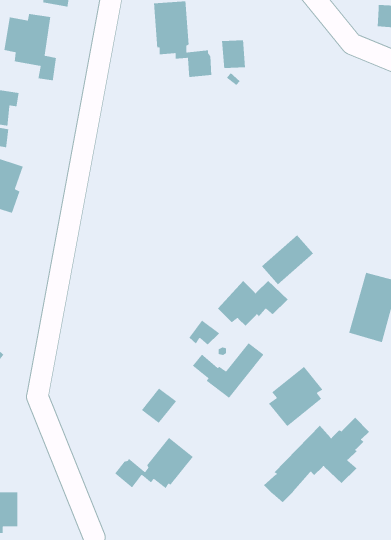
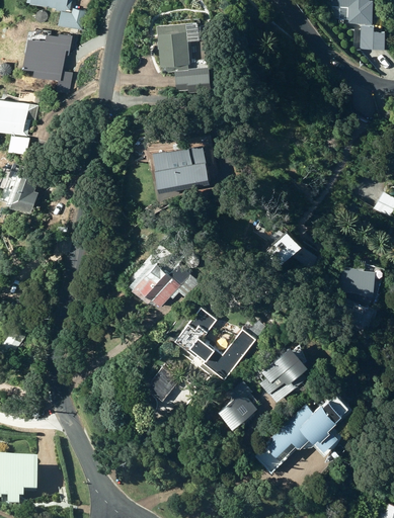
building: [221,40,246,69] -> none
building: none -> [154,144,211,193]
building: [217,280,288,327] -> [135,264,199,306]
building: none -> [219,380,257,431]
building: [114,437,194,489] -> none

